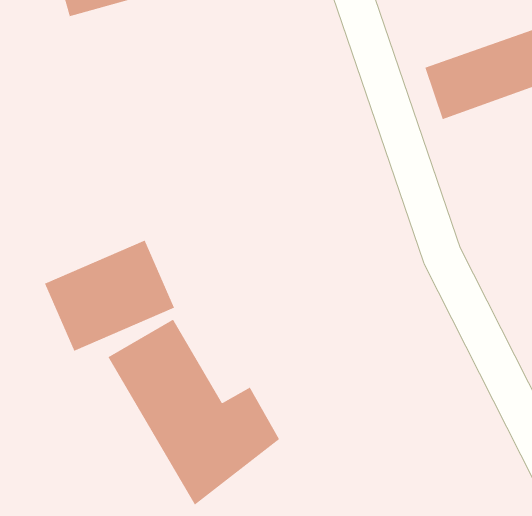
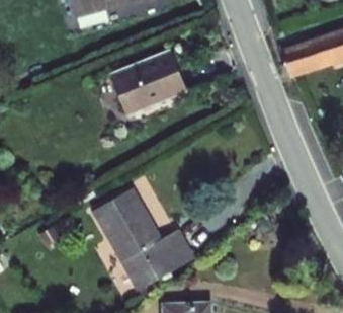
building: [44,240,175,351] -> [111,51,187,115]

